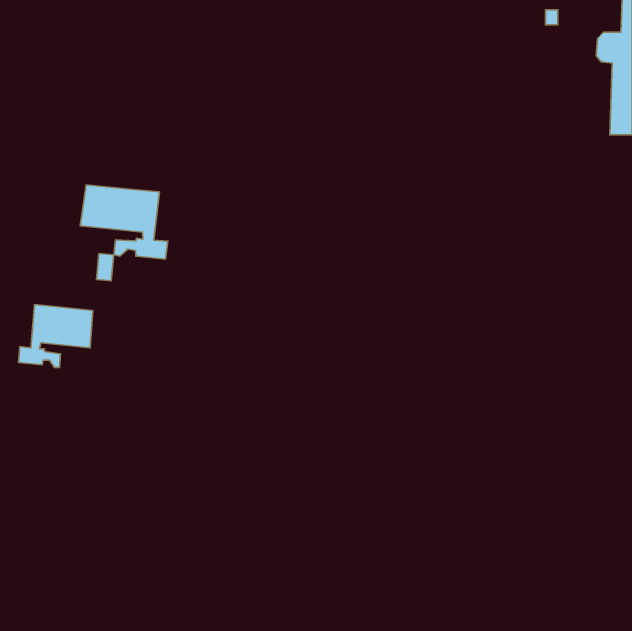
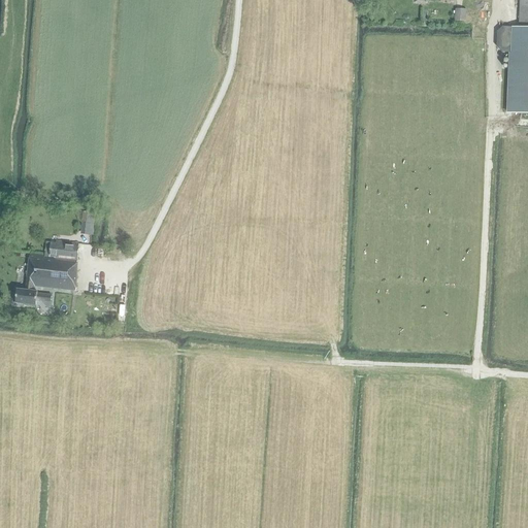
building: [80,185,168,259] -> none
building: none -> [48,240,78,259]

